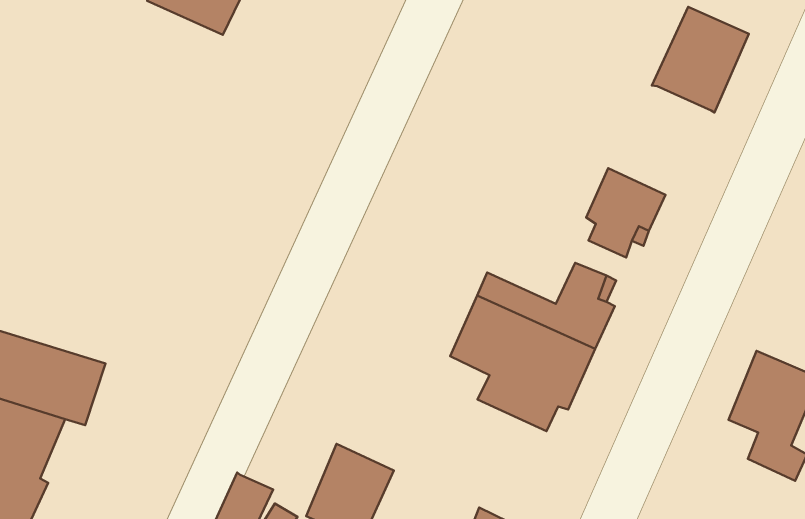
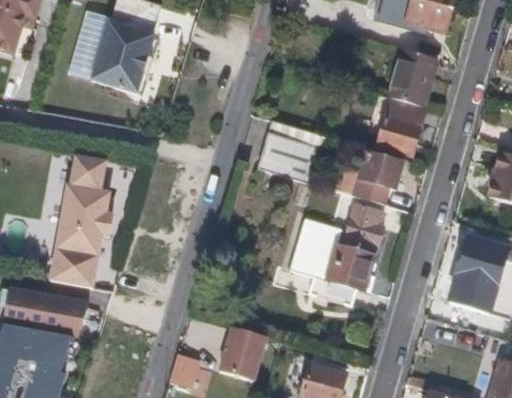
building: none -> [375,96,422,154]
building: none -> [256,118,324,182]
building: none -> [44,161,115,280]

